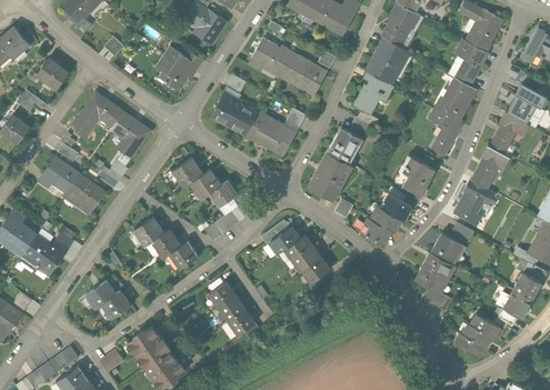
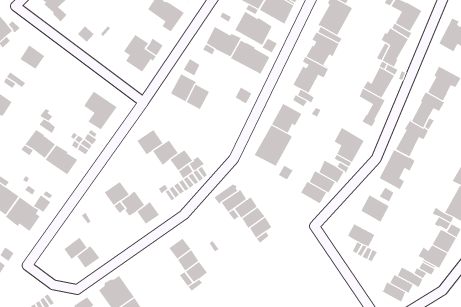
building: none -> [234,11,273,45]
building: [72,96,122,137] -> none
building: [246,112,297,156] -> none
building: [423,251,456,279] -> none

